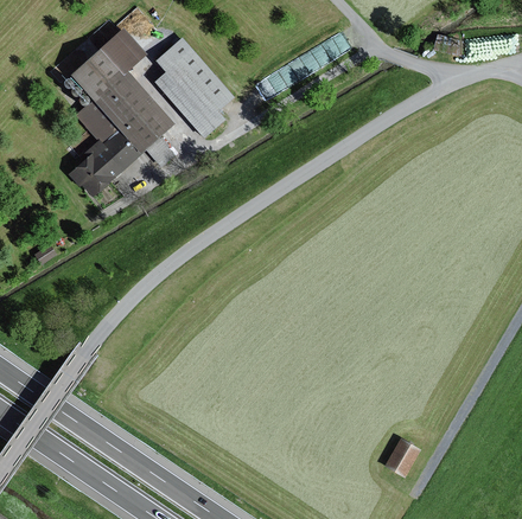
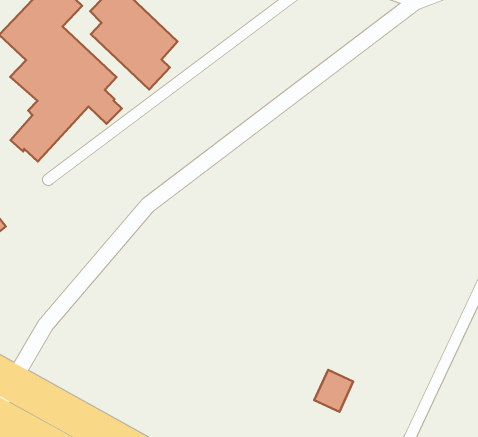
building: [386,436,424,476] -> [314,370,353,412]

